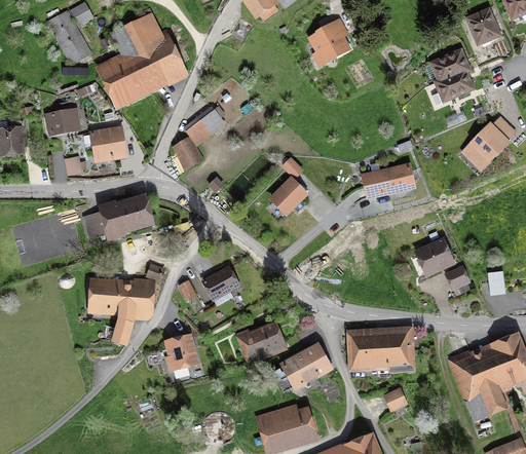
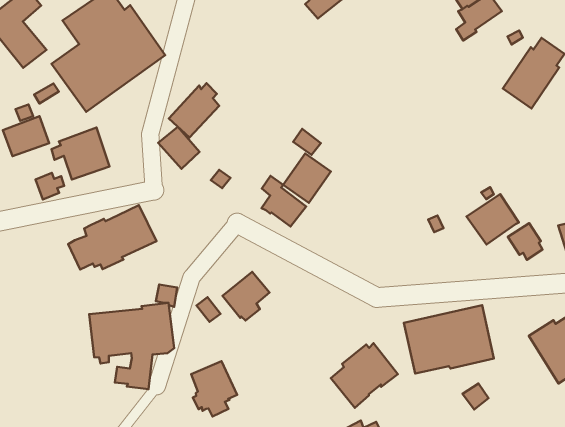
building: [360,162,416,199] -> none
building: none -> [261,176,306,226]
building: [234,319,289,365] -> none

